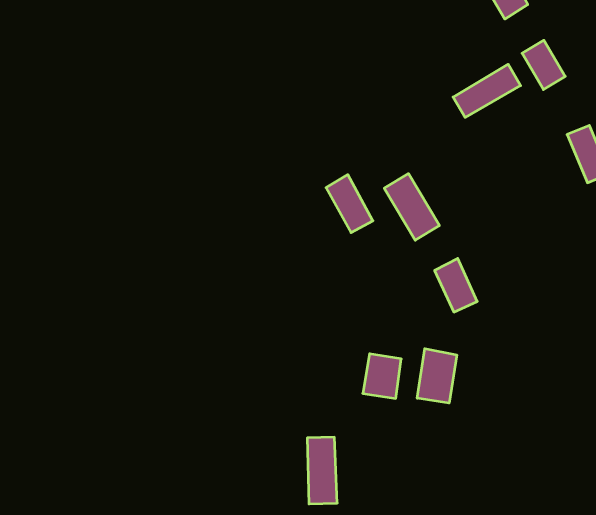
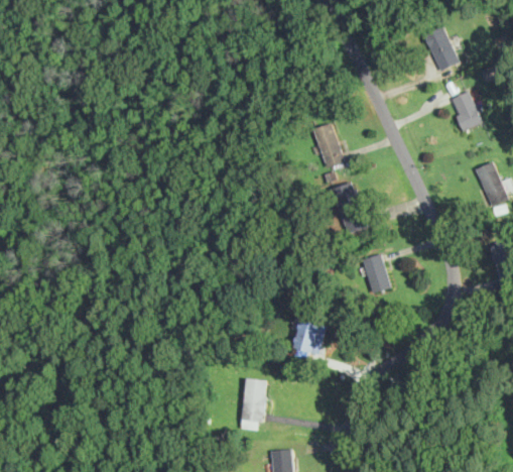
building: [453,64,521,117] -> none
building: [326,175,373,233] -> [312,123,346,168]
building: [417,349,457,403] -> none

